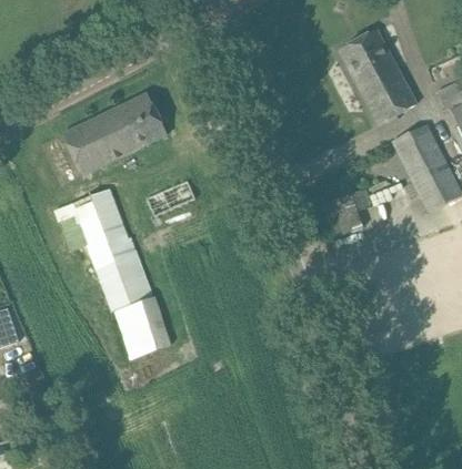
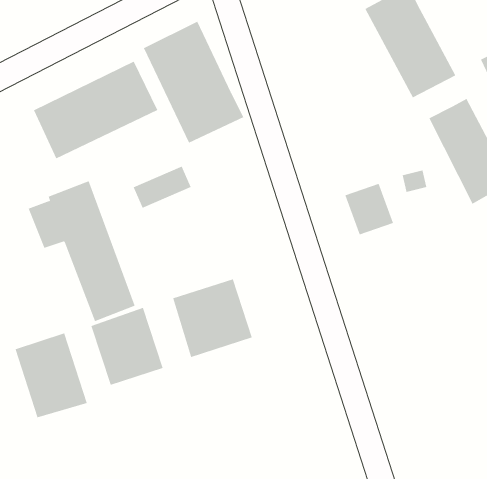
building: none -> [143,21,244,144]
building: none -> [172,278,252,358]
building: none -> [15,332,88,418]

